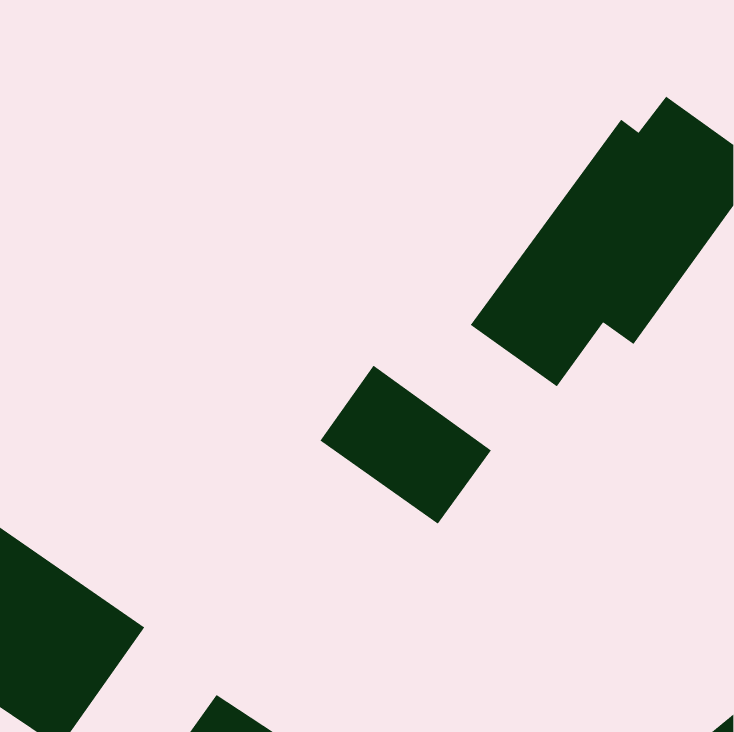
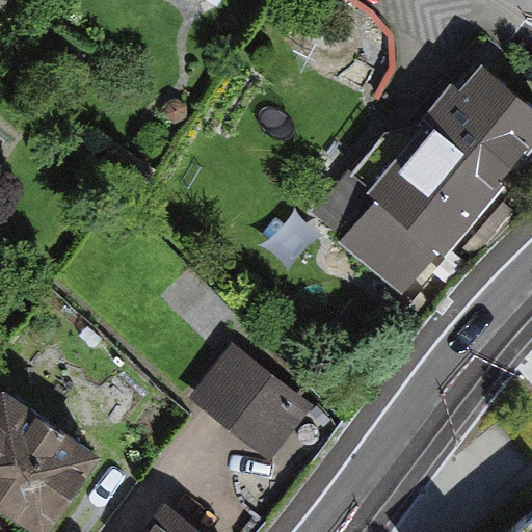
building: [319,365,492,524] -> [186,345,310,459]

